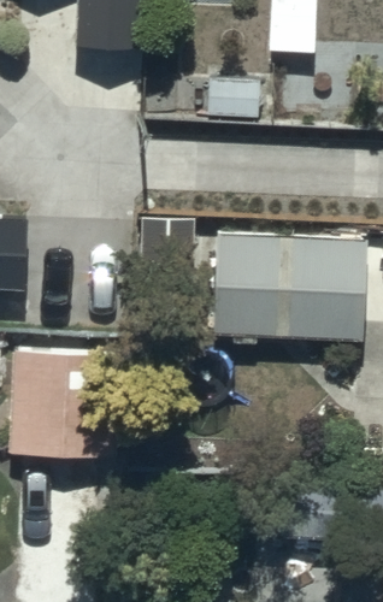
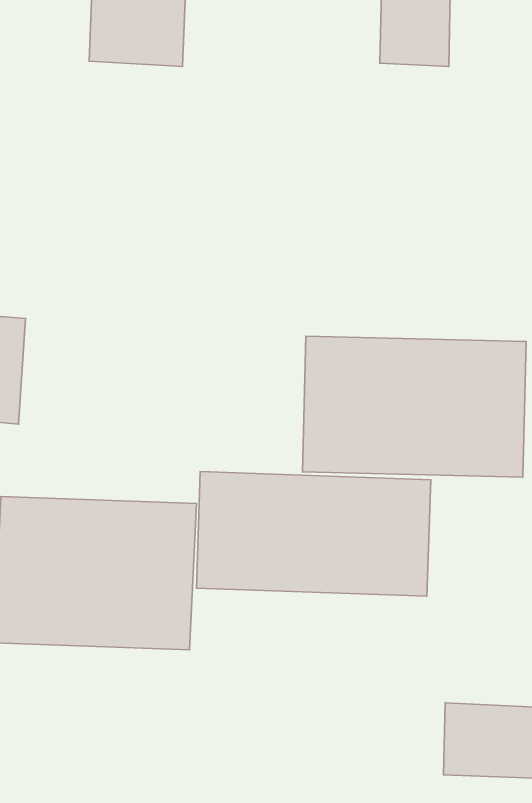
building: none -> [196,472,431,596]

